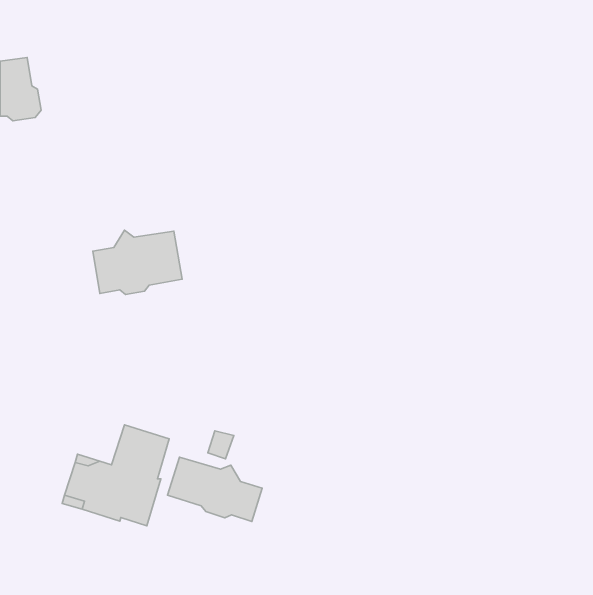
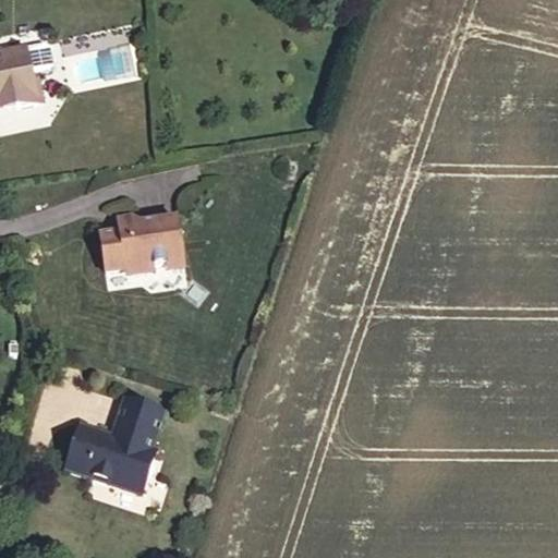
building: [168,457,262,521] -> none

